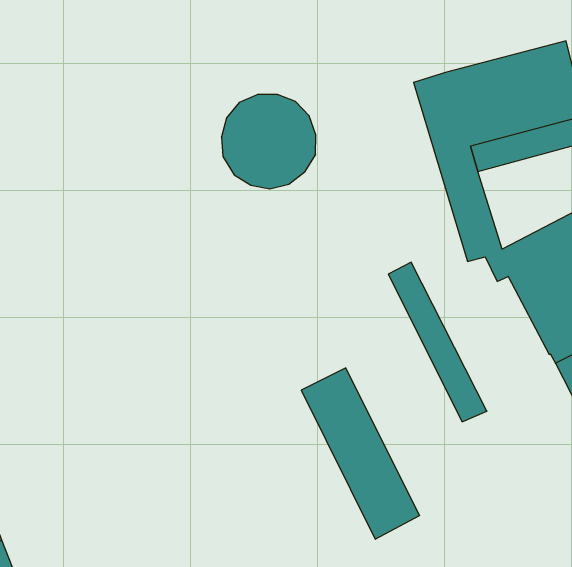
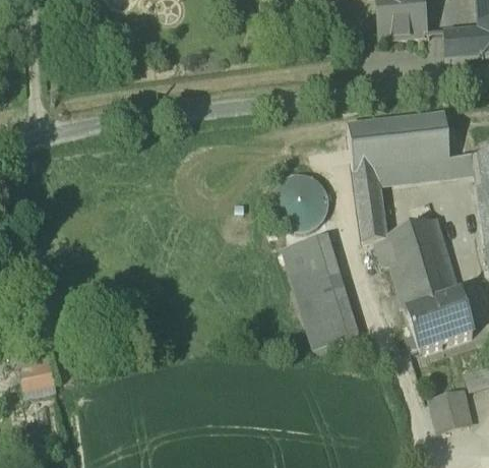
building: [221,94,316,189] -> [269,170,328,229]
building: [301,368,420,539] -> [284,237,344,345]

